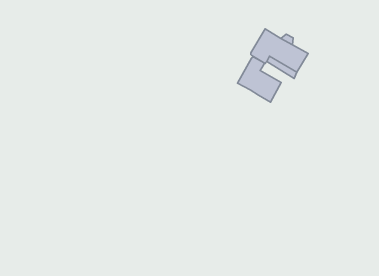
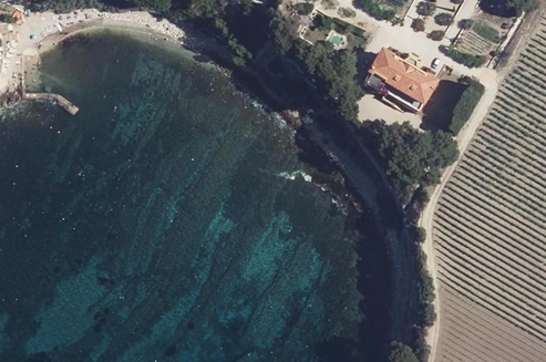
building: [237,57,281,102] -> none

